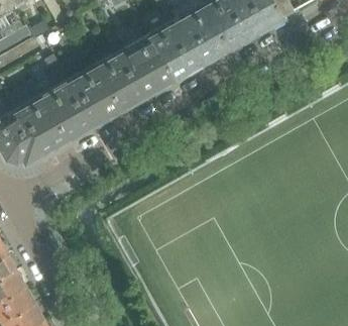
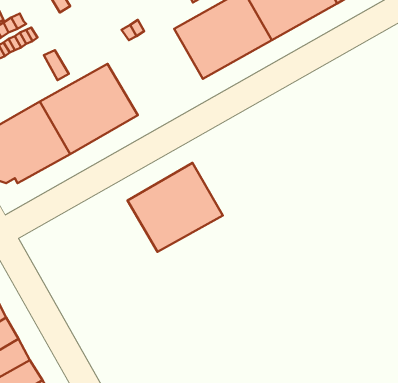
building: [96,36,172,108] -> [127,163,223,252]

